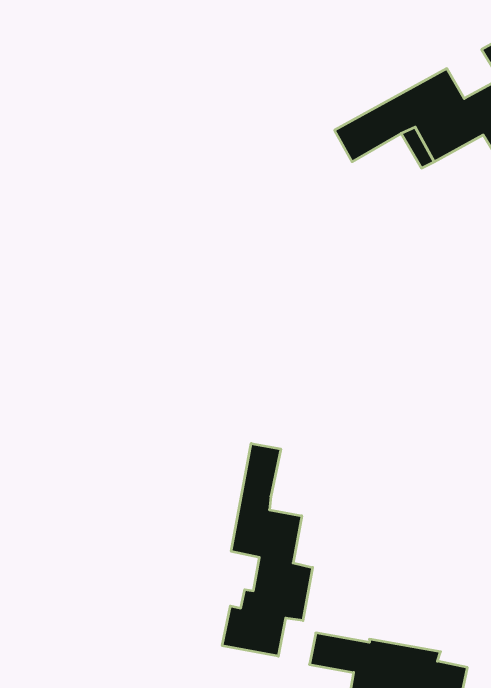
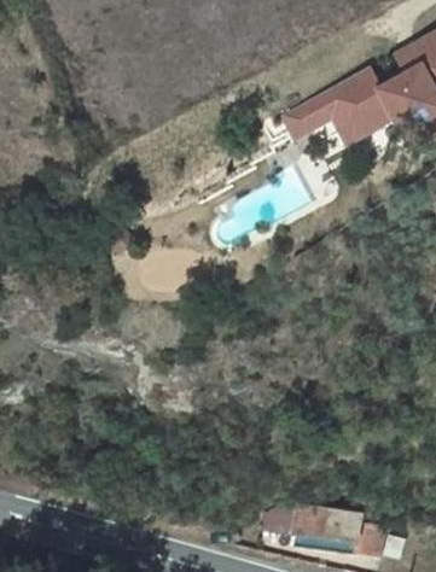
building: [222,443,313,656] -> none

